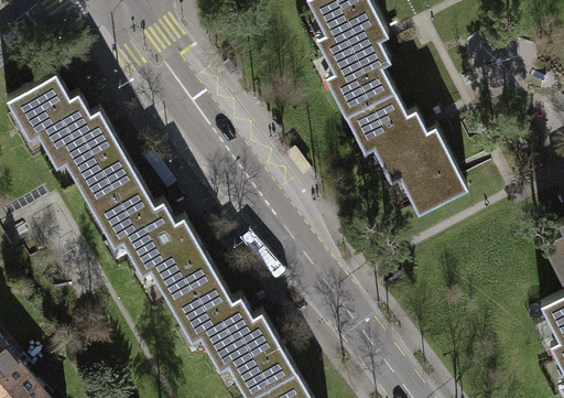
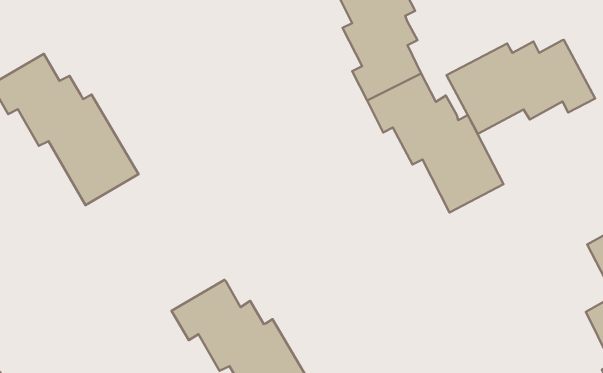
building: none -> [447,40,595,134]
building: [93,183,217,305] -> none

